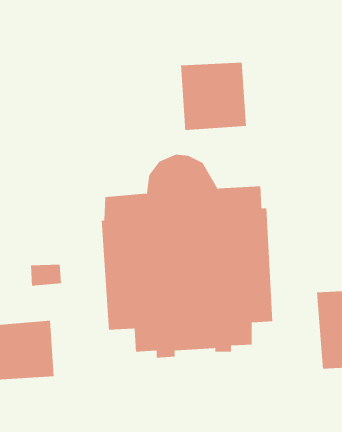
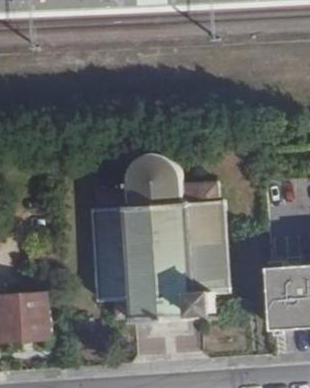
building: [180,62,246,131] -> none

